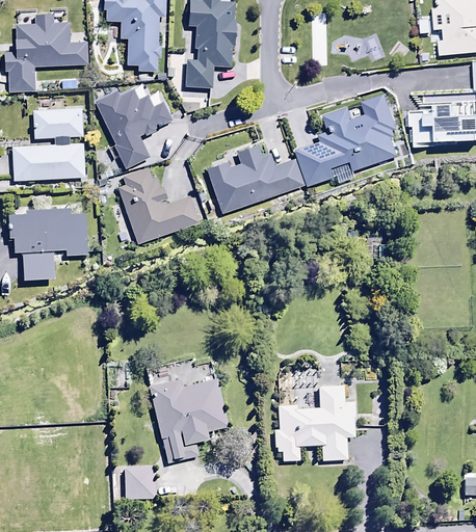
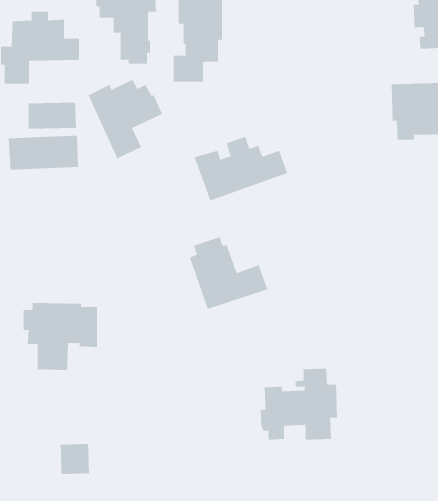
building: [294,92,399,184] -> none
building: [117,165,200,241] -> [189,236,268,309]
building: [8,209,86,280] -> [23,302,98,370]
building: [151,378,231,462] -> none
building: [125,468,156,500] -> [60,444,90,475]

